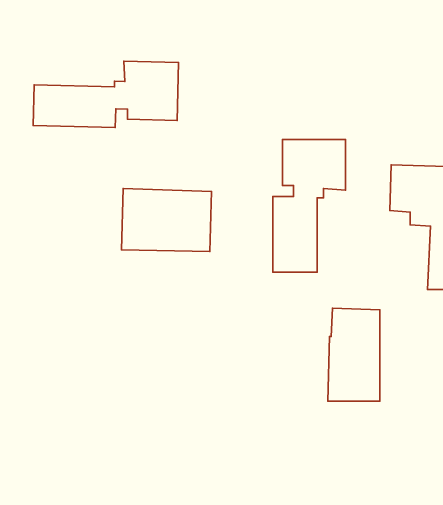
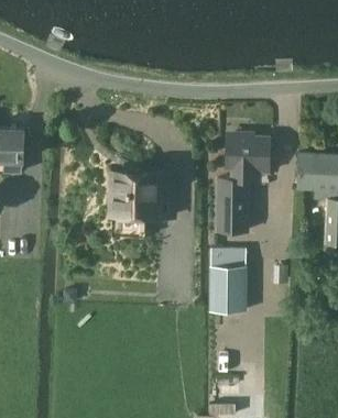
building: [33,61,179,128] -> none
building: [328,308,380,401] -> [208,246,244,311]

